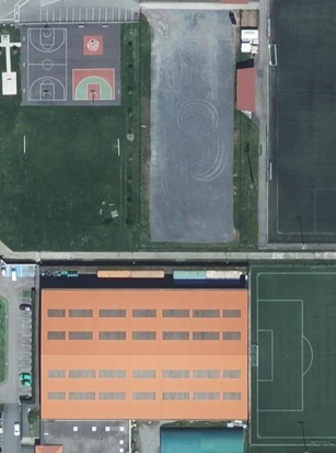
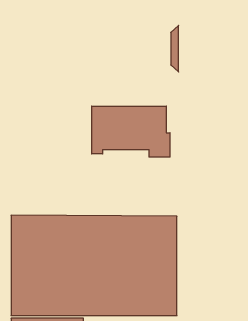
building: none -> [92,106,170,157]

